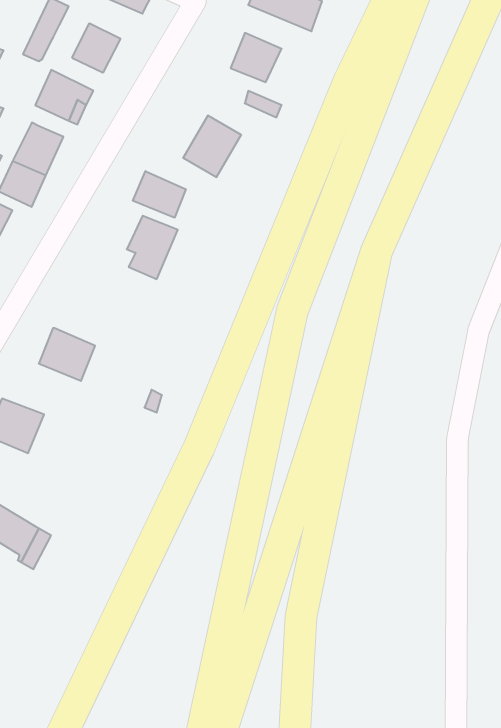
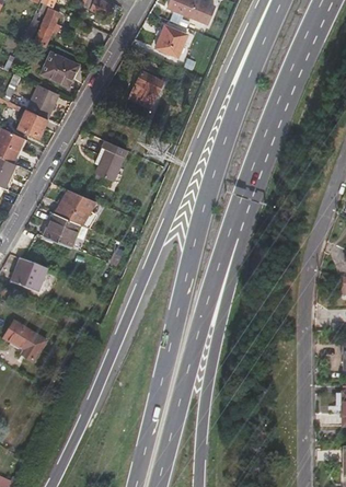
building: [72,23,120,73] -> none
building: [133,171,186,218] -> none
building: none -> [53,189,93,227]

